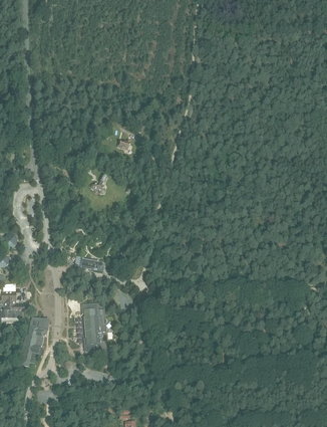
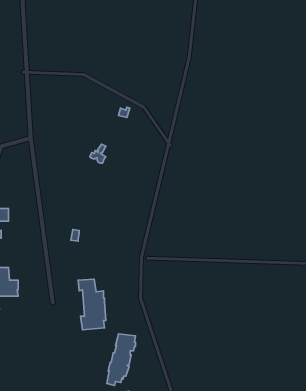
building: [20,316,47,366] -> [107,334,135,386]

